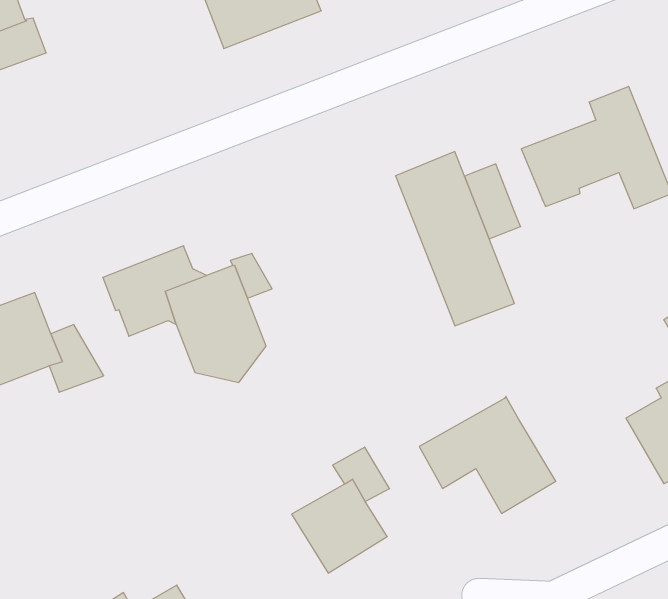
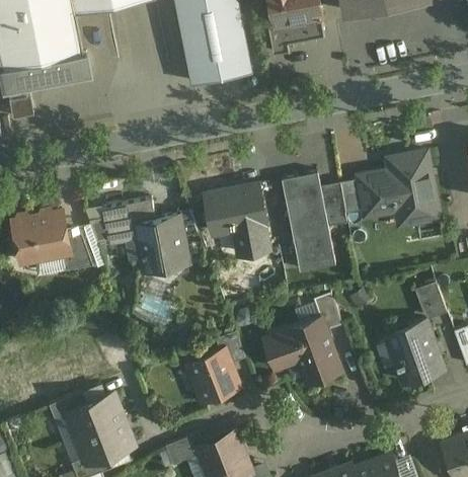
building: none -> [338,178,362,211]
building: none -> [204,181,266,252]
building: none -> [313,292,342,330]

